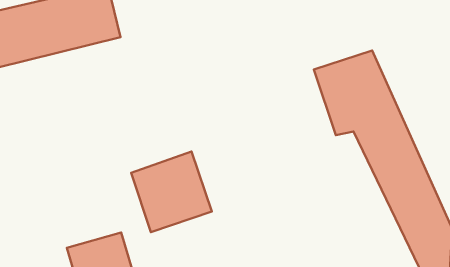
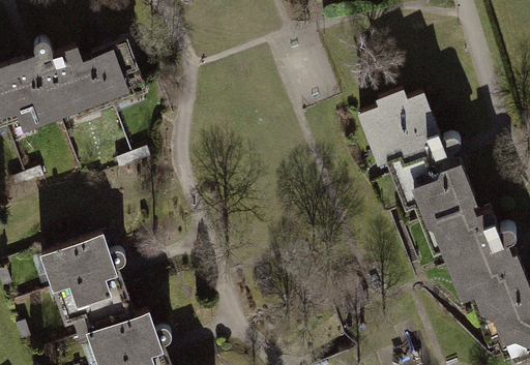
building: [131,152,212,232] -> [37,224,130,317]

